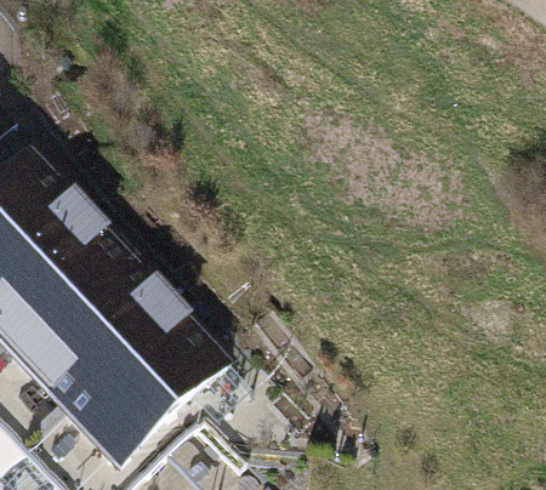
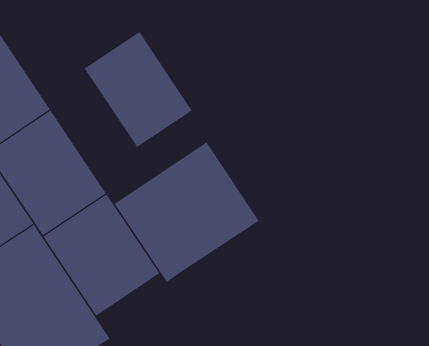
building: none -> [84,31,193,148]
building: none -> [114,141,259,283]

